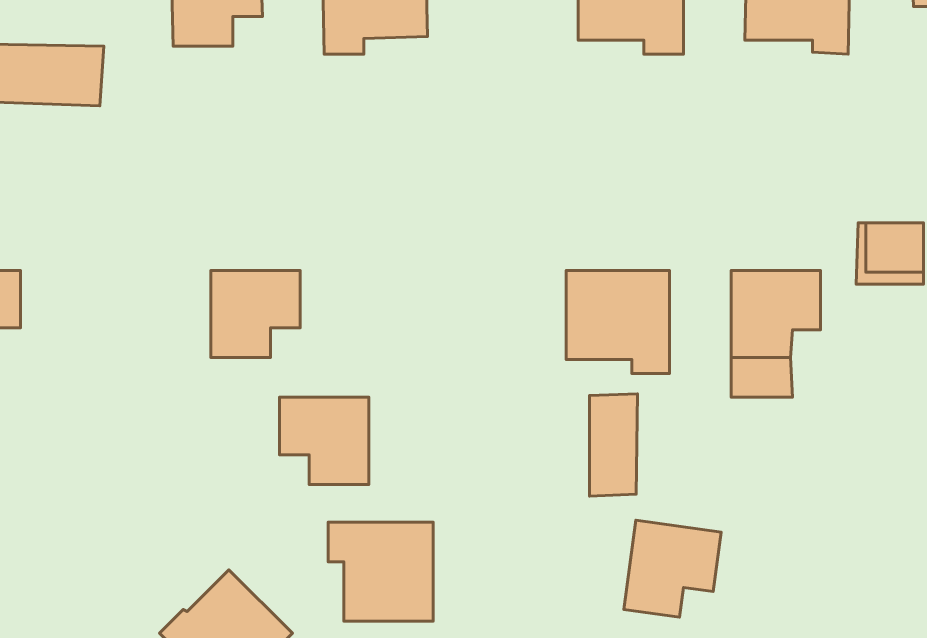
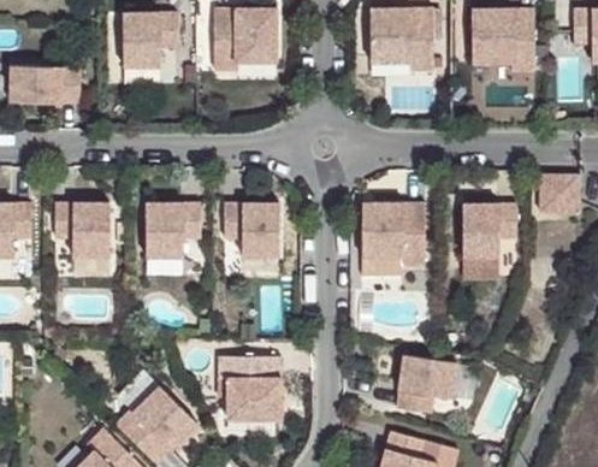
building: none -> [55,203,109,256]
building: [589,394,638,496] -> none
building: [279,397,369,485] -> [225,203,279,256]

